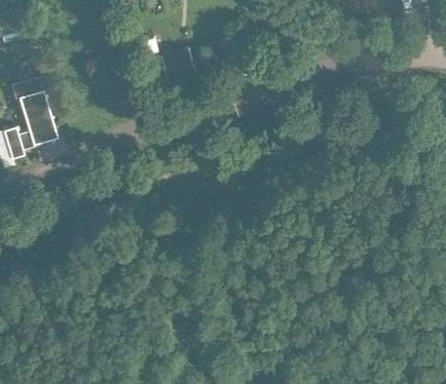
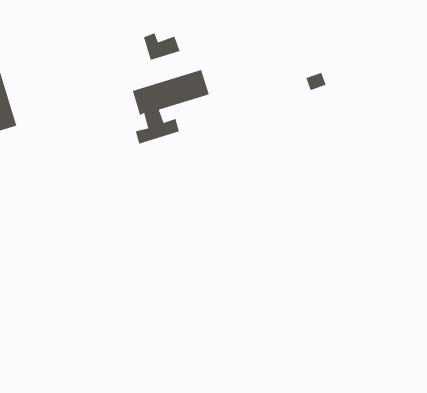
building: none -> [132,69,210,145]

